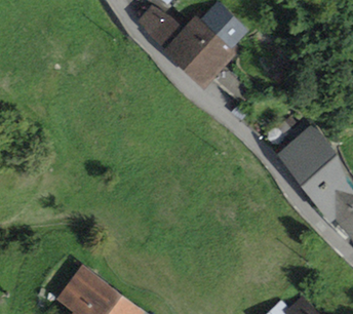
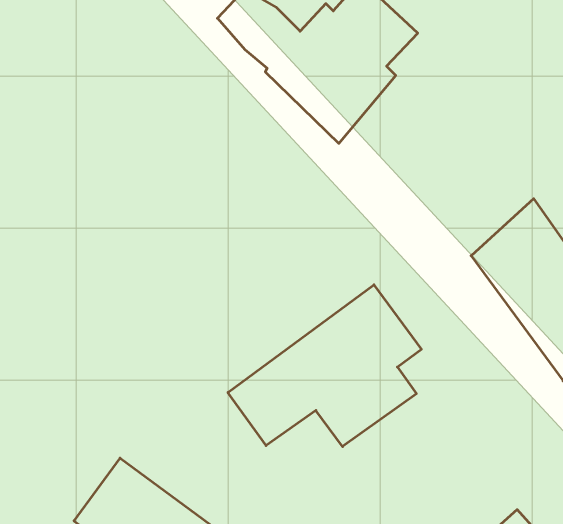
building: none -> [228,285,421,447]

